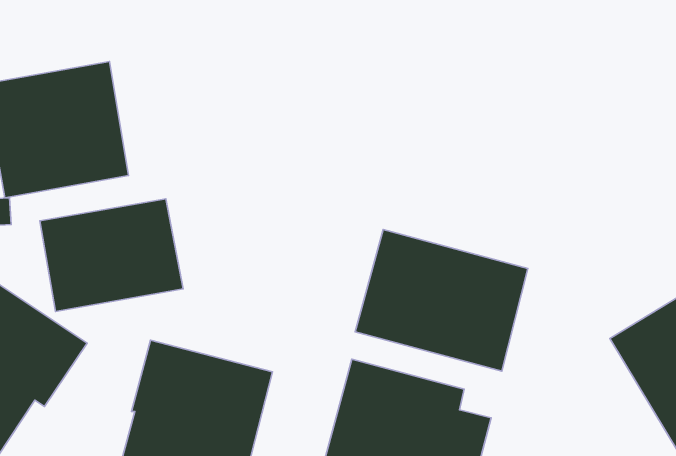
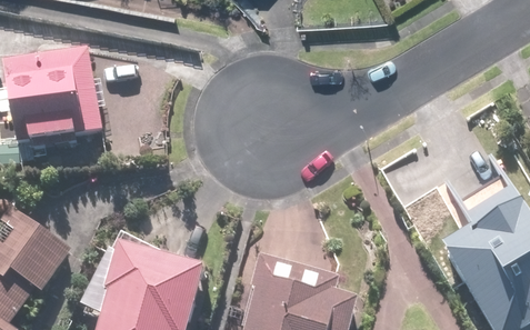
building: [40,199,183,312] -> none
building: [355,230,528,371] -> none

